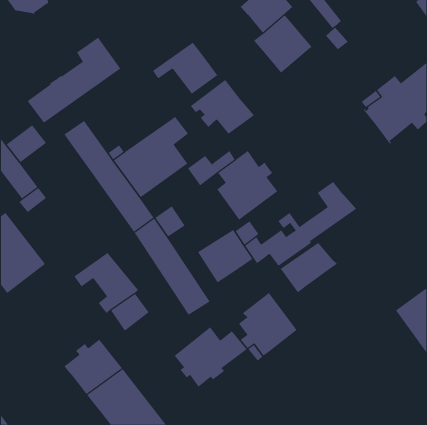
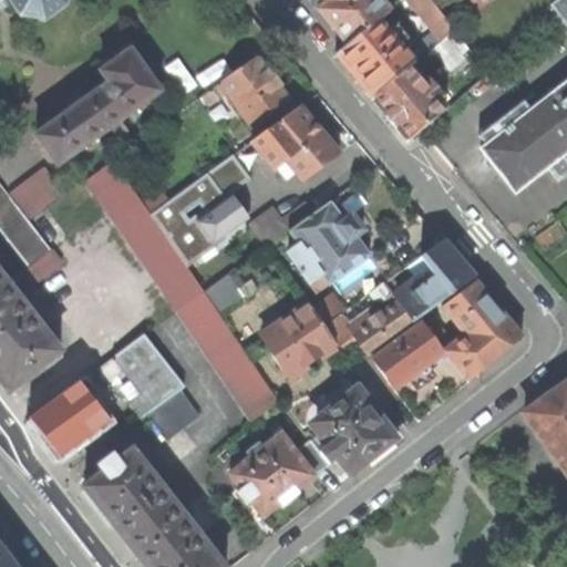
building: none -> [372,65,445,140]
building: none -> [442,280,522,379]
building: none -> [30,375,110,455]

